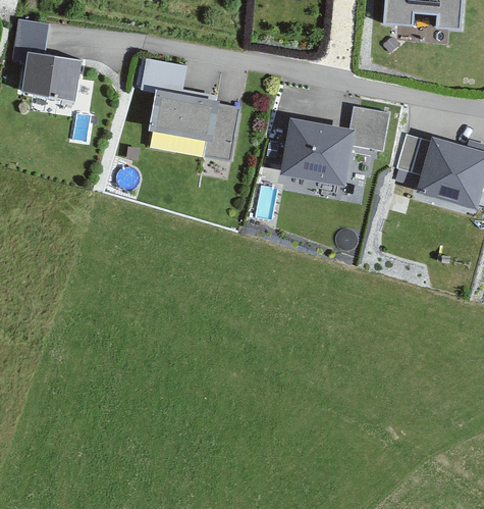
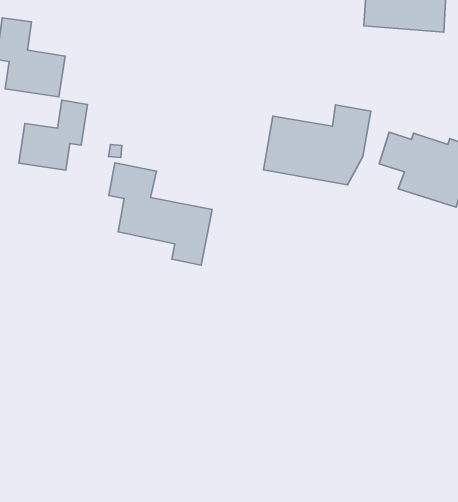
building: [139,59,243,162] -> [109,163,212,265]
building: none -> [19,100,87,170]

